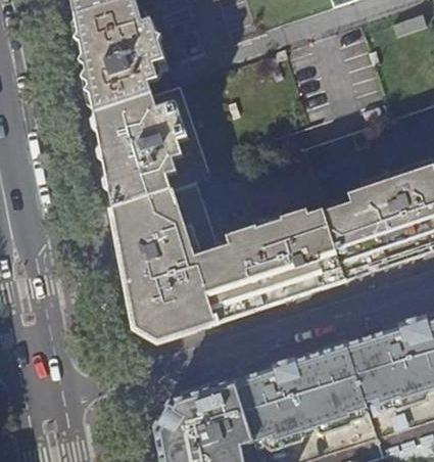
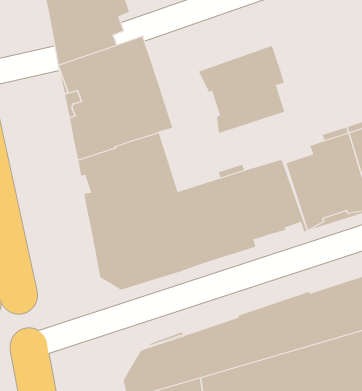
building: none -> [198,45,285,134]

